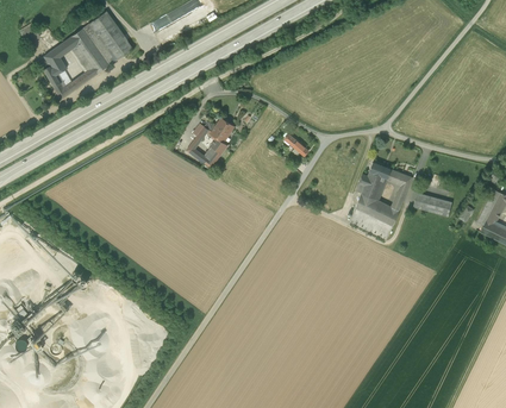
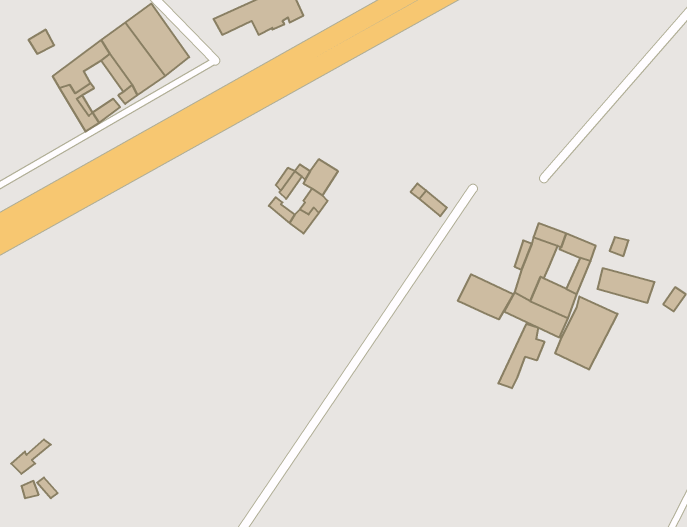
building: none -> [458,274,513,319]
building: none -> [555,296,618,370]
building: none -> [498,324,544,388]

